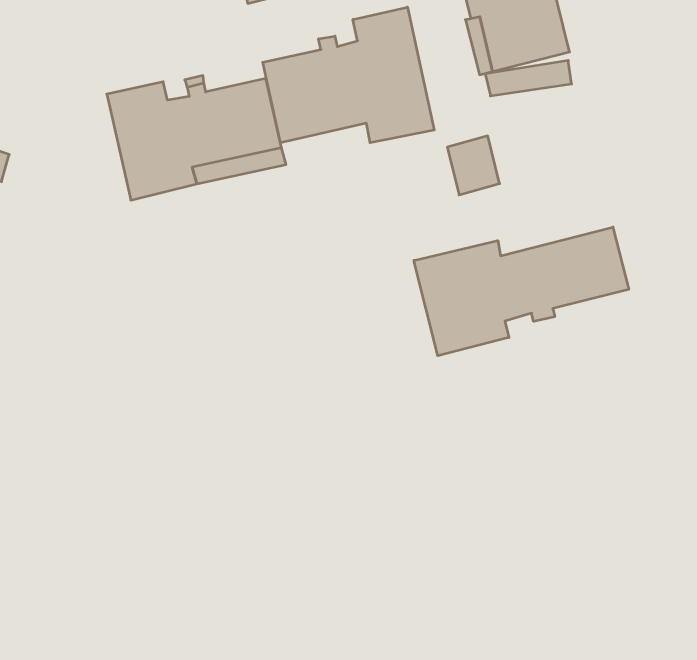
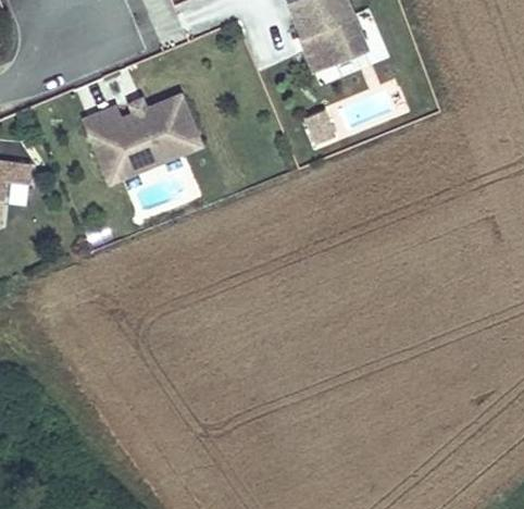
building: [263,7,434,143] -> none
building: [414,227,629,356] -> none

